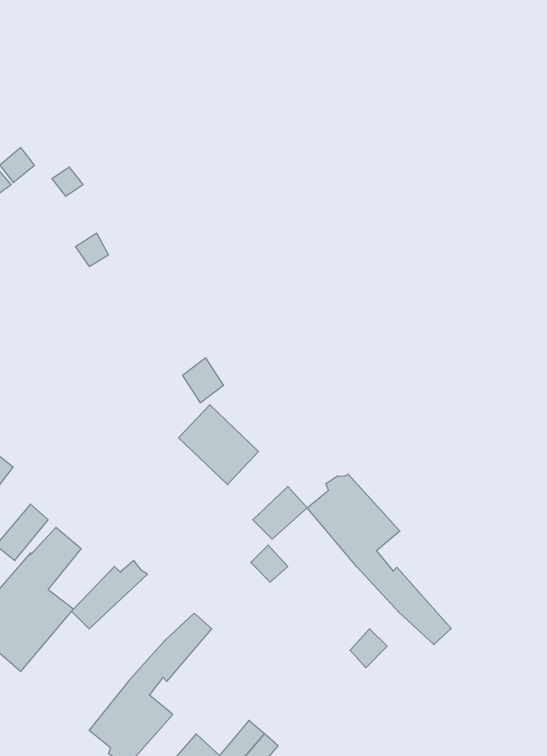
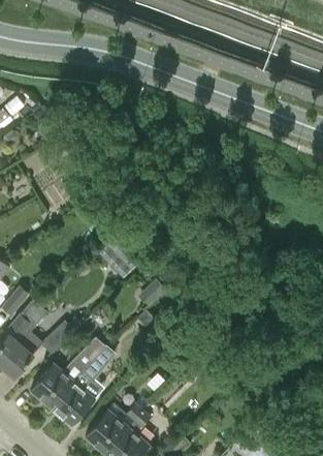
building: [307,474,451,645] -> none
building: none -> [30,338,106,408]

